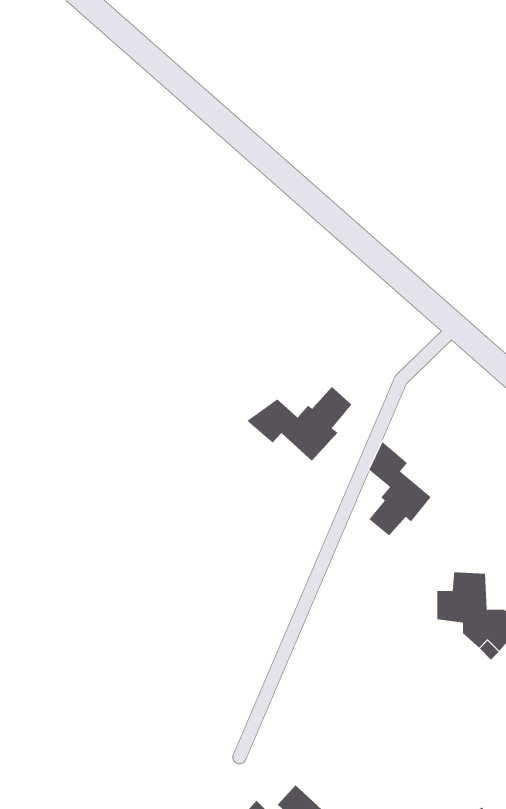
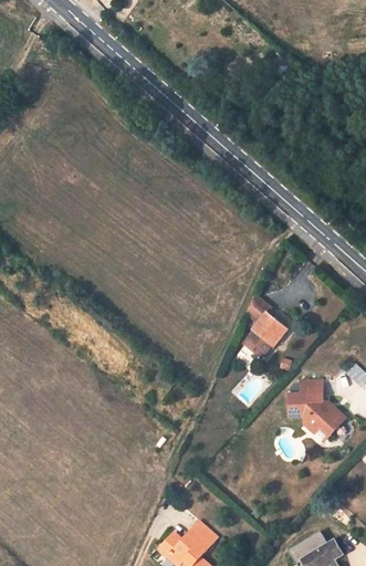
building: [246,386,352,461] -> none

